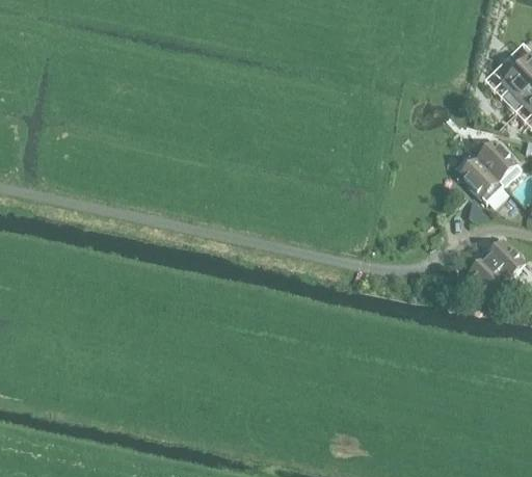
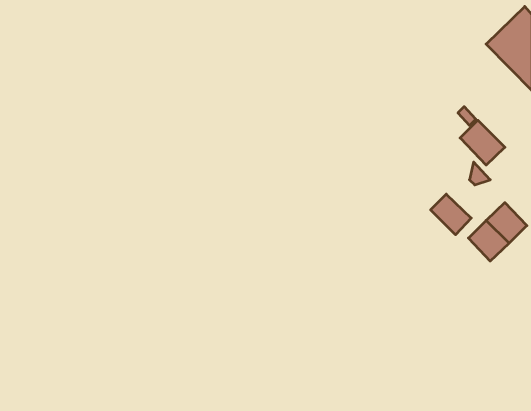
building: [477,139,522,183] -> none
building: none -> [431,194,471,235]

